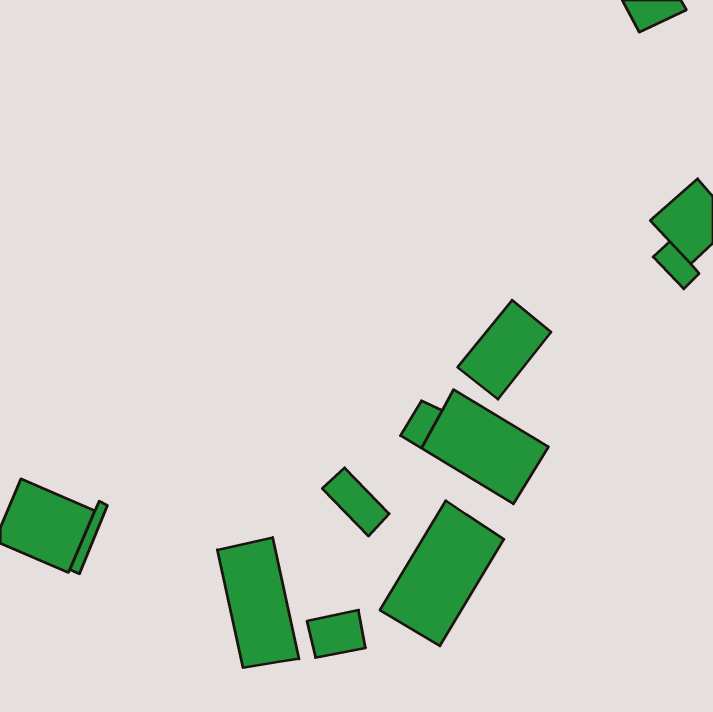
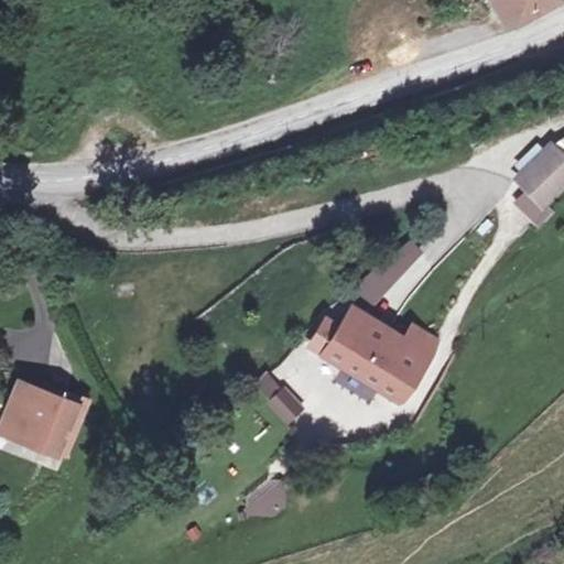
building: [380,501,504,646] -> none
building: [217,537,299,668] -> none

